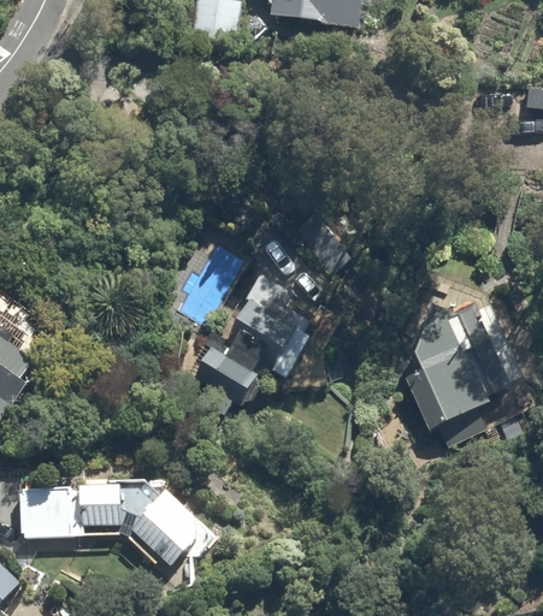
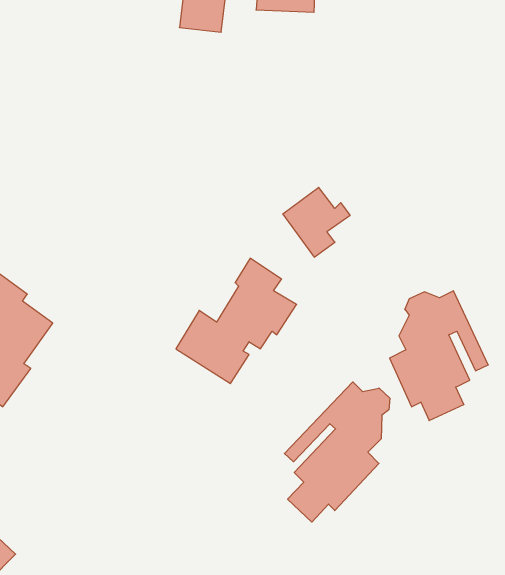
building: none -> [284,382,390,522]
building: [17,480,211,565] -> none

